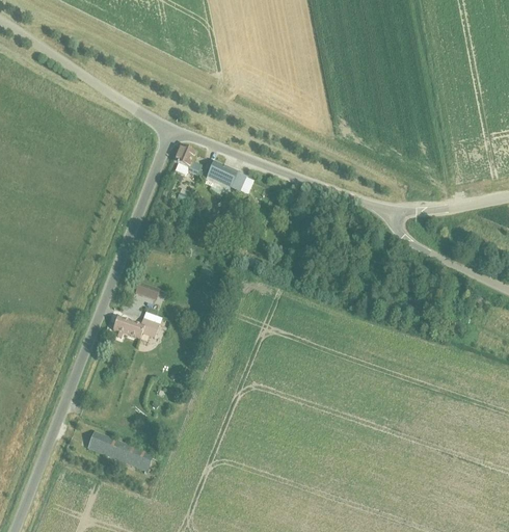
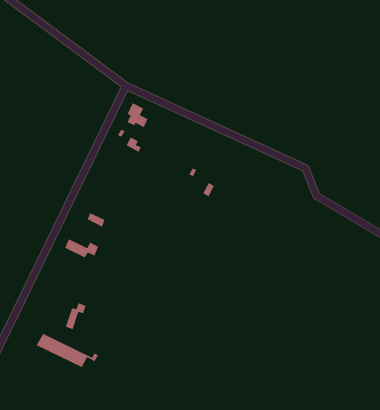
building: [207,161,245,192] -> none
building: none -> [65,302,86,330]

